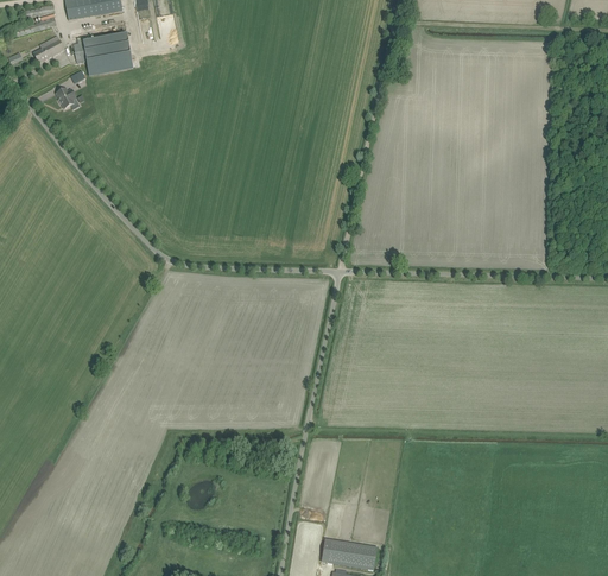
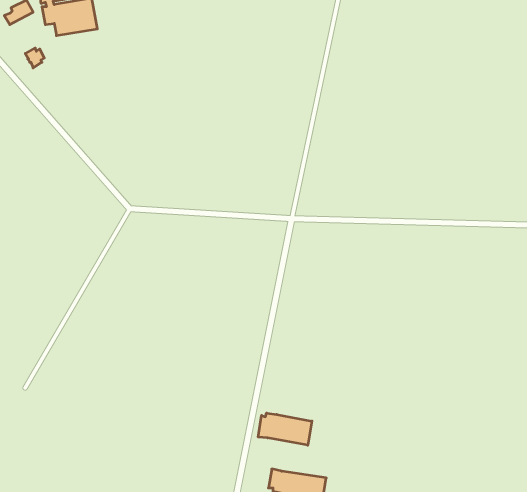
building: none -> [258,413,312,445]

